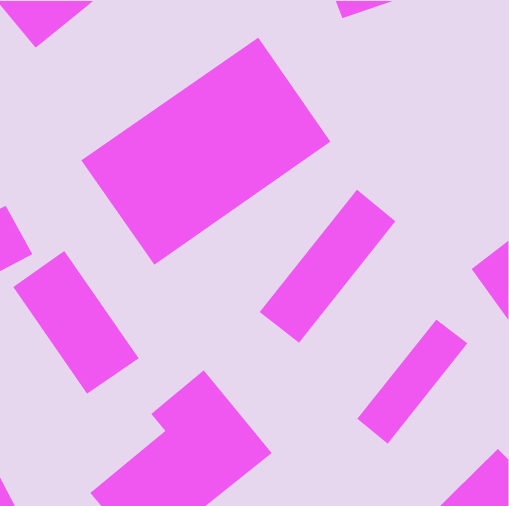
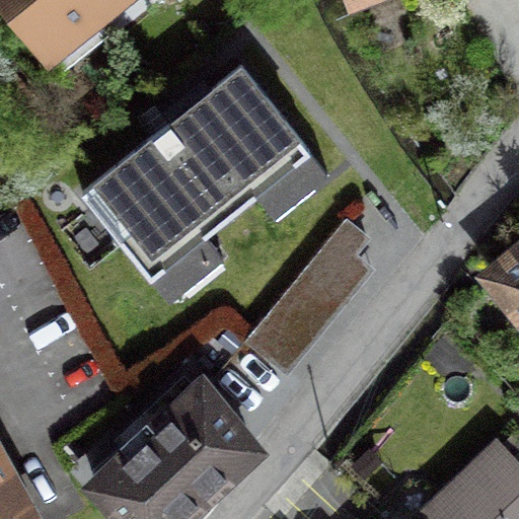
building: [12,250,140,395] -> none
building: [356,318,469,445] -> none

